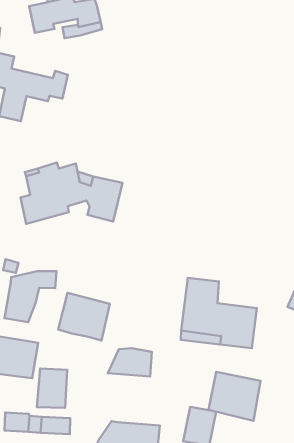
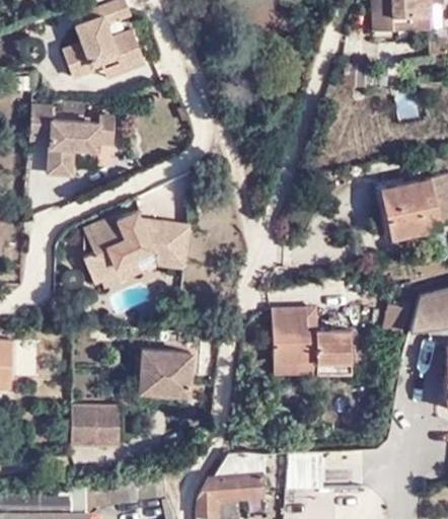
building: [4,271,57,322] -> none
building: [108,348,152,376] -> [219,447,265,477]
building: [37,369,67,408] -> none
building: [209,372,261,421] -> none

